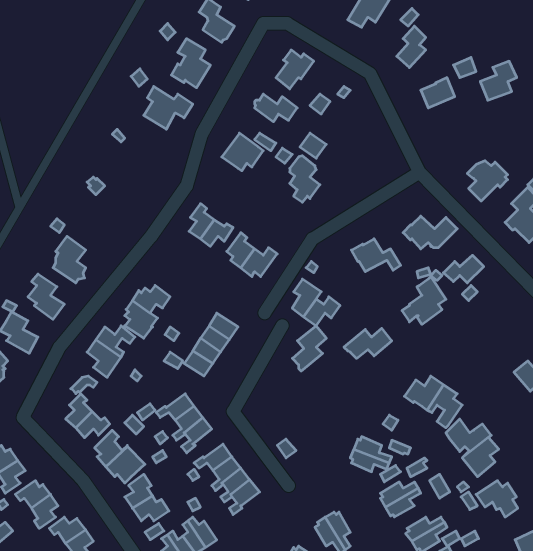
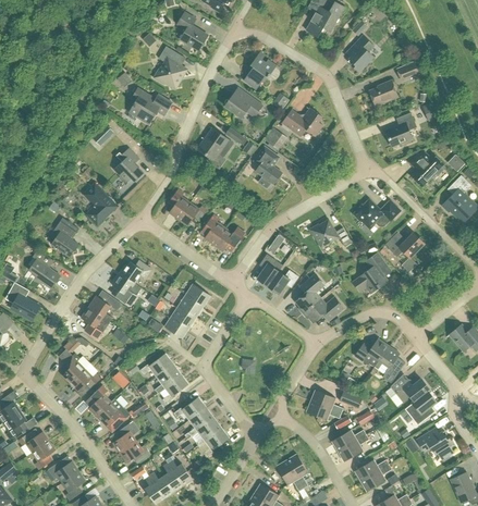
building: [480,61,517,100] -> [384,112,416,146]
building: none -> [281,107,322,136]
building: none -> [113,147,143,182]
building: none -> [83,182,117,225]
building: [292,326,326,371] -> [294,273,323,312]

